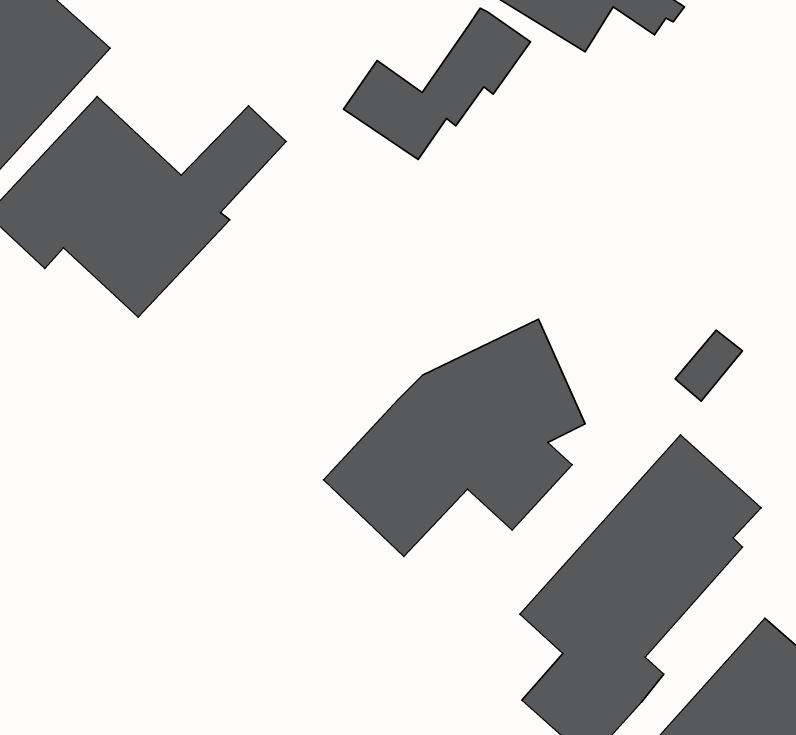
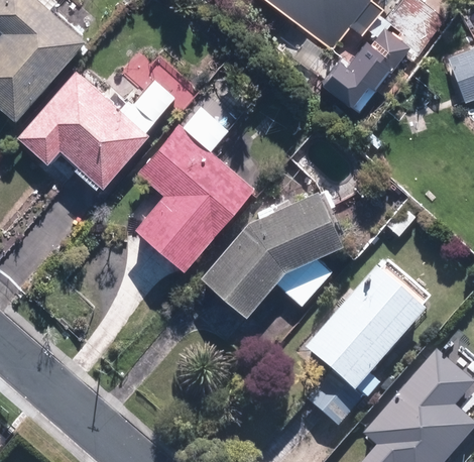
building: [343,8,531,160] -> [310,28,410,110]
building: none -> [131,107,253,273]

